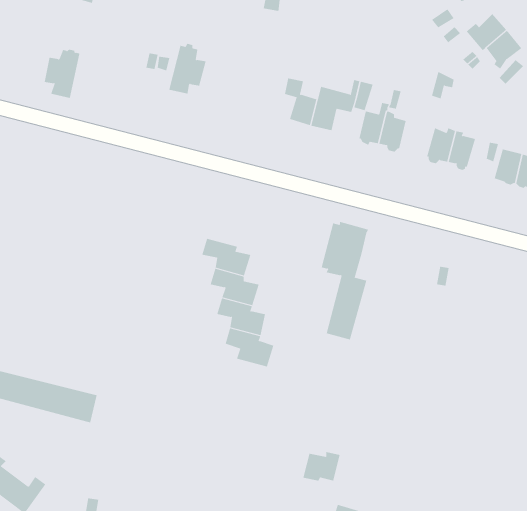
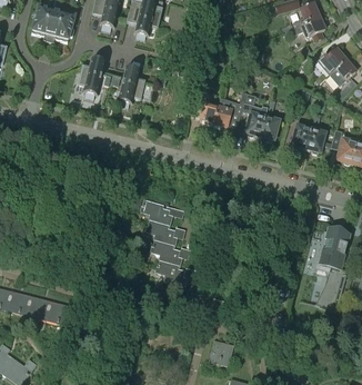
building: [44,49,82,99] -> [80,60,105,93]
building: [321,221,369,340] -> [318,230,350,310]

